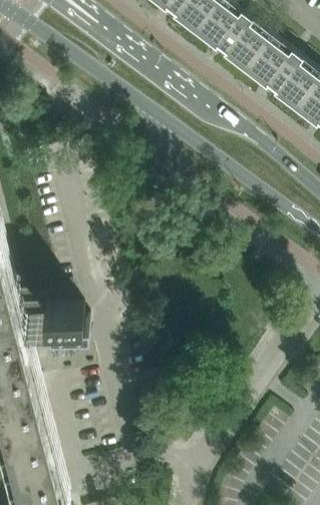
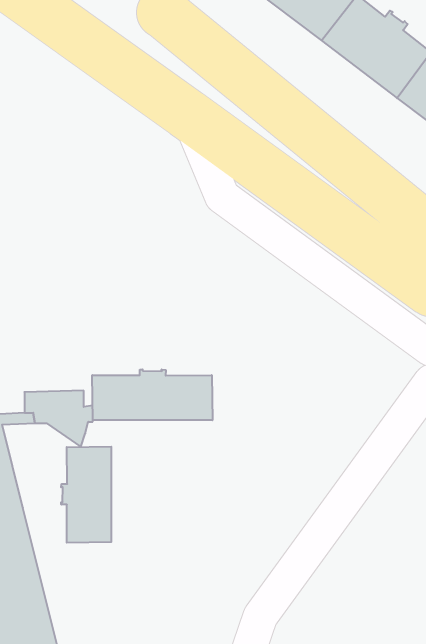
building: none -> [92,369,212,420]
building: none -> [61,447,111,543]

